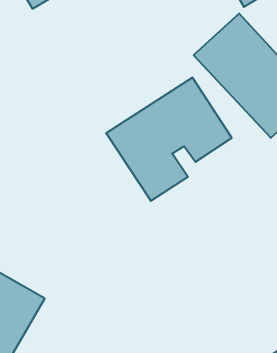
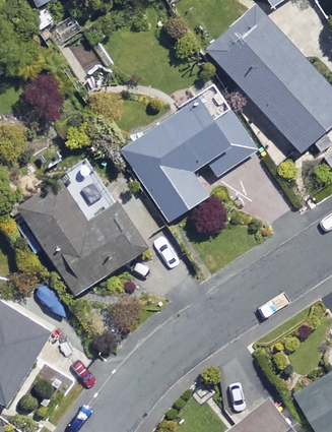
building: none -> [18,178,148,295]

